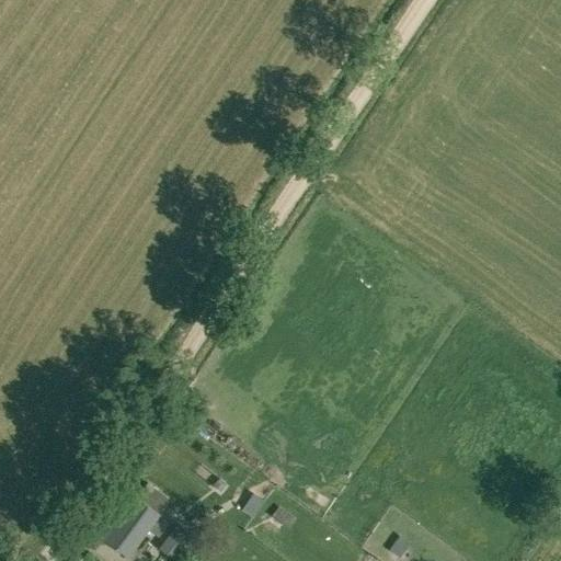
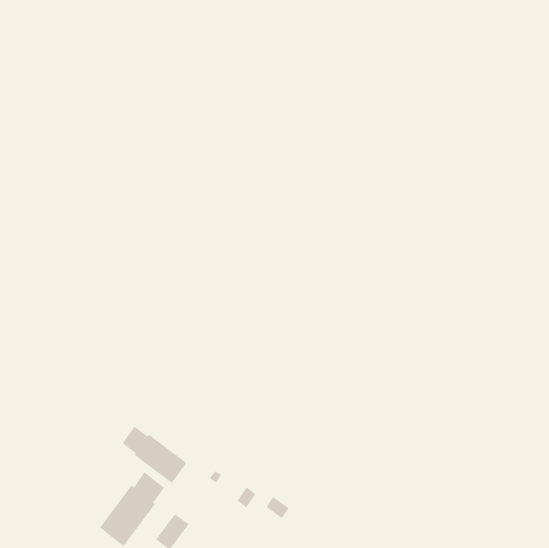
building: none -> [122,426,187,484]

